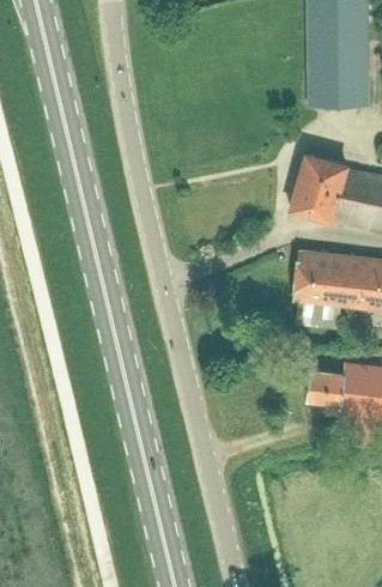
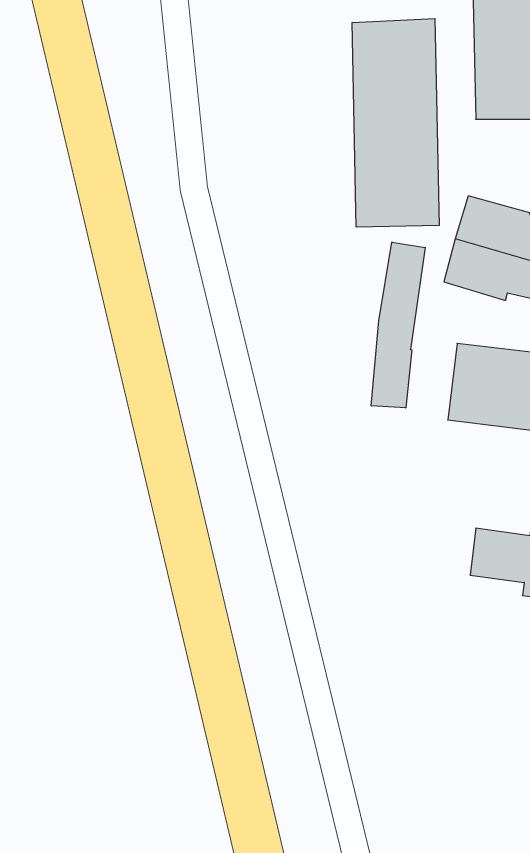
building: none -> [352,19,439,227]
building: none -> [371,242,425,408]

